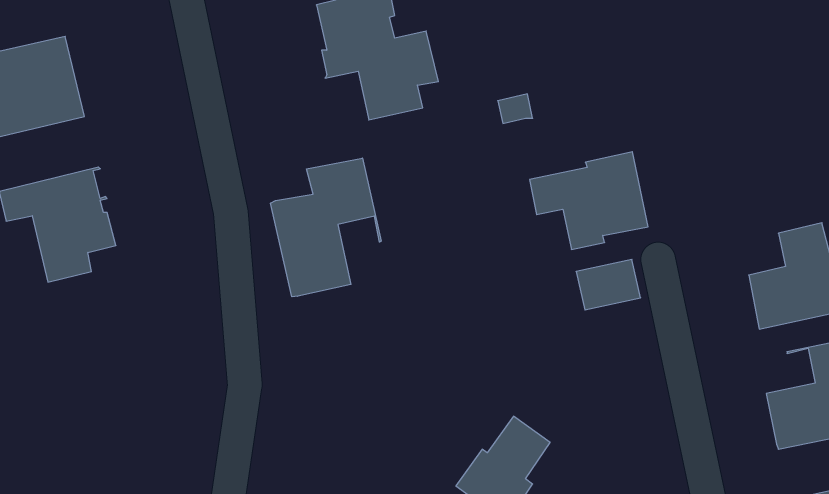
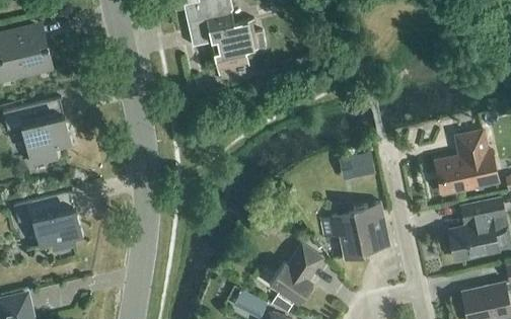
building: [530,152,648,249] -> [319,203,388,259]
building: [271,158,381,297] -> none
building: none -> [12,190,81,250]

